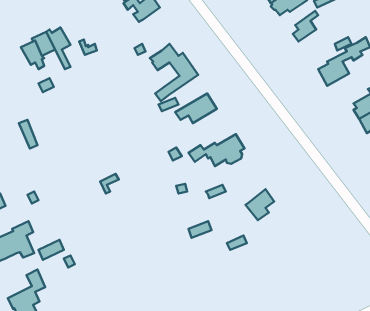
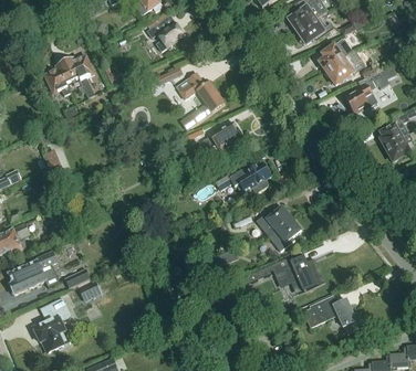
building: none -> [323,57,360,84]
building: none -> [256,205,291,236]
building: none -> [271,253,323,293]
building: none -> [302,296,360,333]

